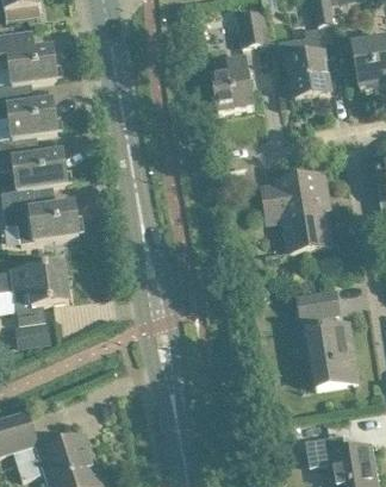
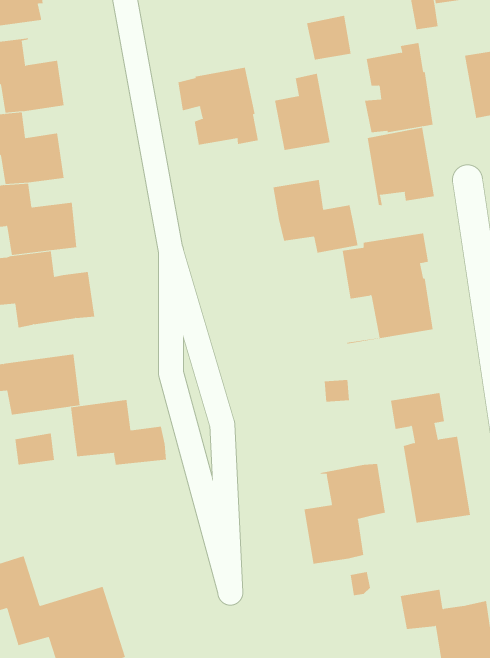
building: none -> [178,67,259,146]
building: none -> [367,127,434,206]
building: none -> [273,179,358,253]
building: none -> [70,399,166,466]
building: none -> [304,463,385,565]

